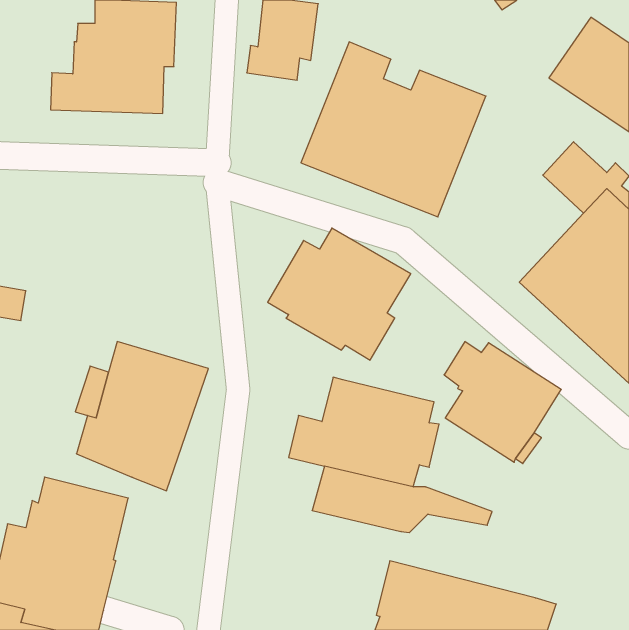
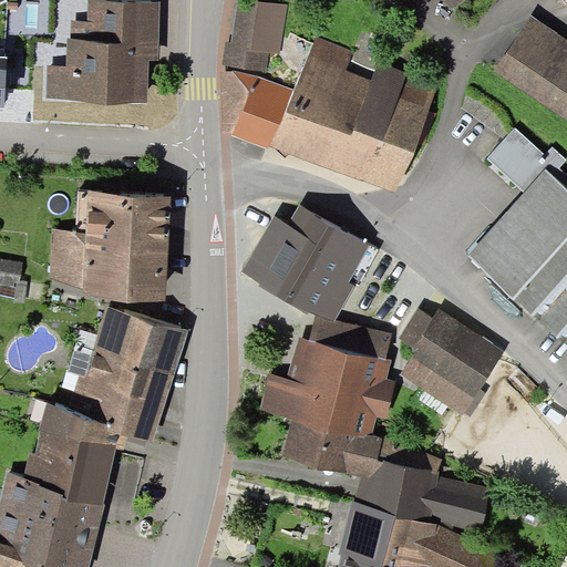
building: none -> [219,71,292,150]
building: none -> [49,192,169,301]
building: none -> [308,313,392,360]
building: none -> [40,402,118,447]
building: none -> [350,462,491,537]

